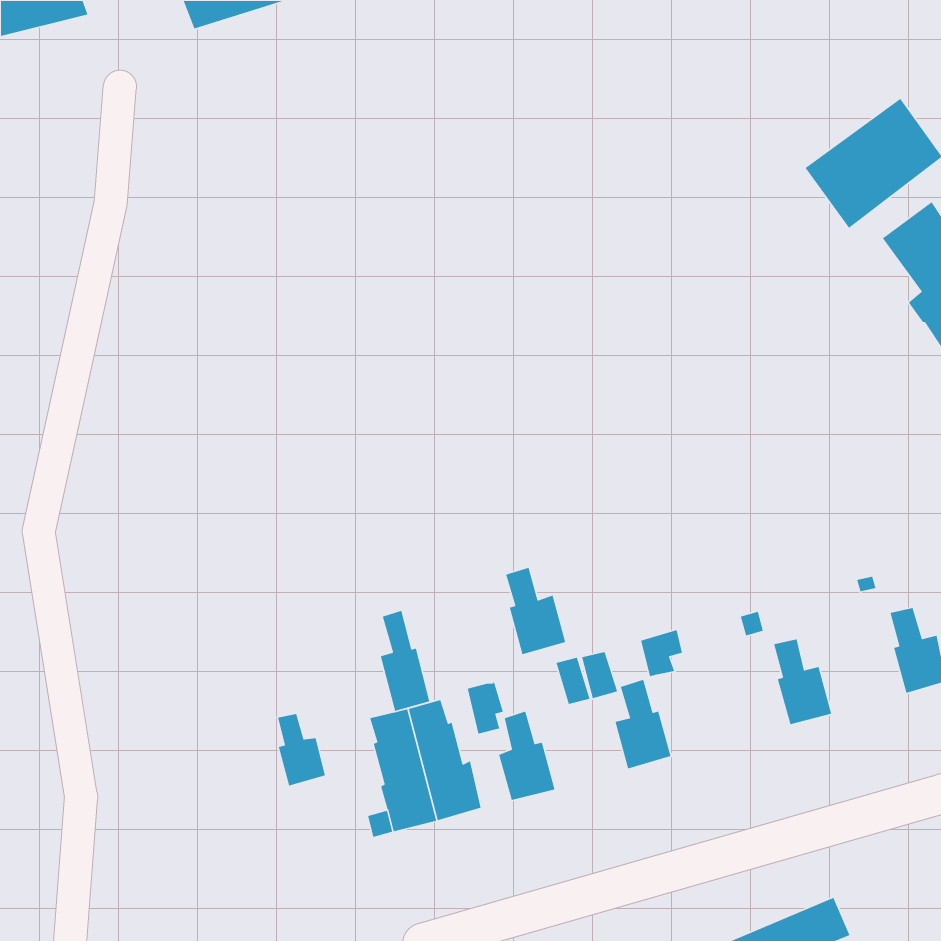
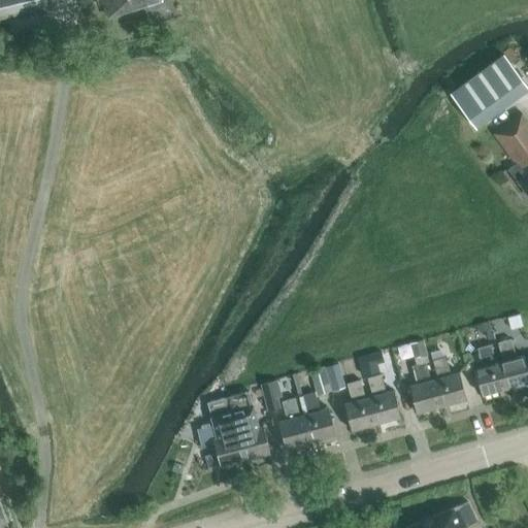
building: [505,567,566,655] -> [302,393,336,442]
building: [380,610,430,712] -> none
building: none -> [474,345,507,396]
building: none -> [409,363,442,414]
building: none -> [368,375,401,424]
building: [277,713,326,786] -> none

